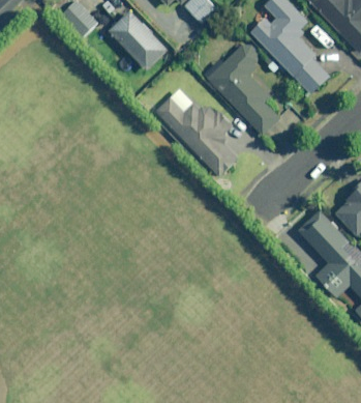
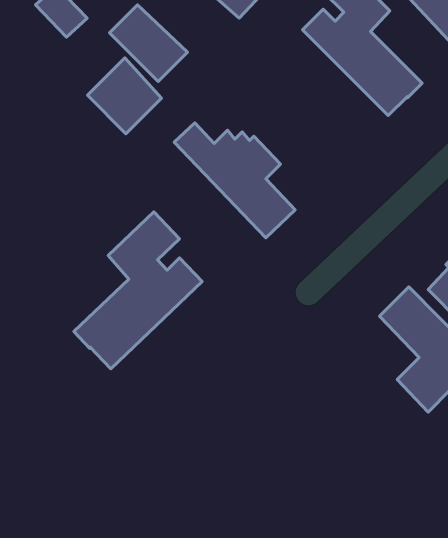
building: [205,45,285,137] -> none
building: none -> [87,58,162,134]
building: none -> [74,212,202,369]

